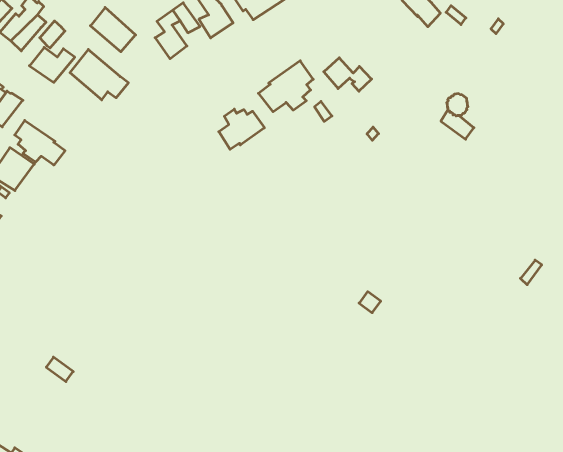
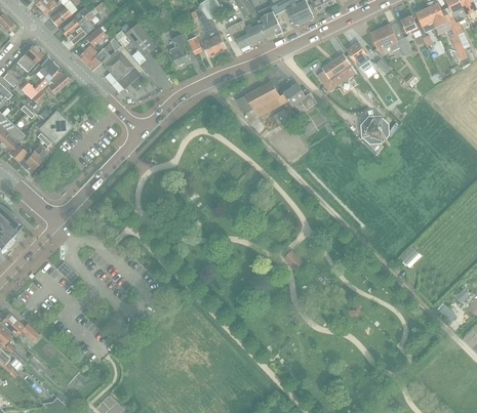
building: none -> [316,53,355,90]
building: [219,109,264,149] -> none
building: [15,120,65,165] -> none

